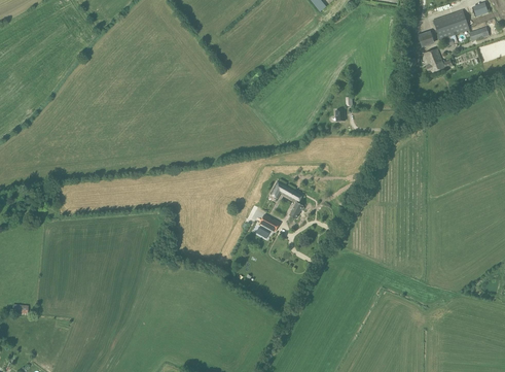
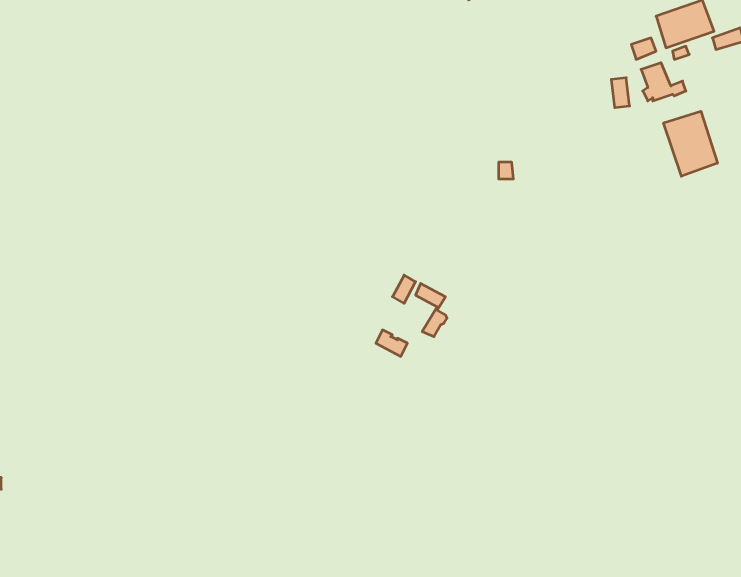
building: none -> [664,111,717,176]

